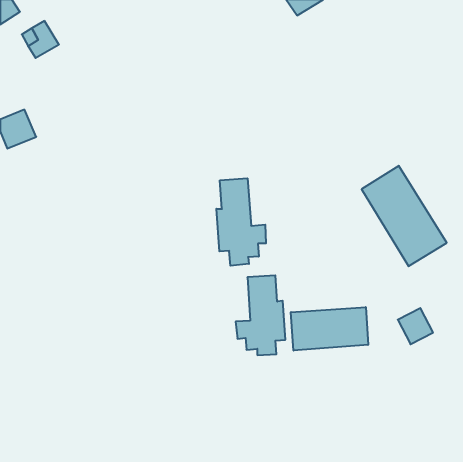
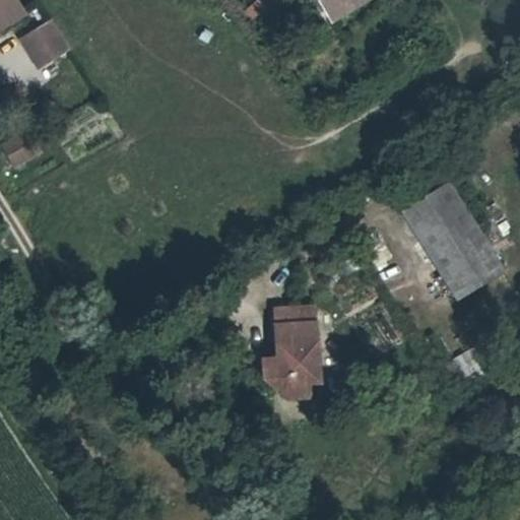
building: [216,178,266,266] -> none
building: [291,307,368,351] -> none

